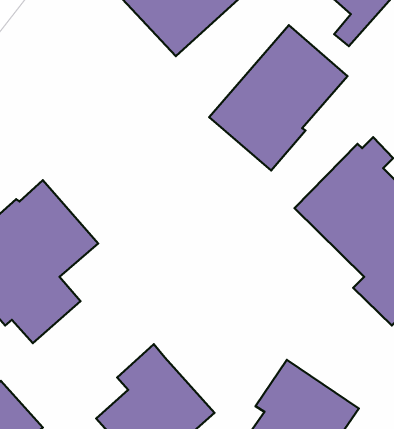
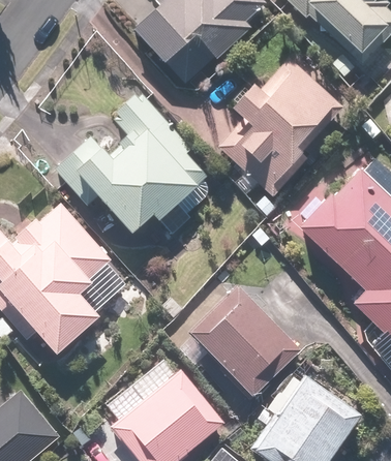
building: none -> [64,91,215,233]
building: none -> [188,287,298,398]

